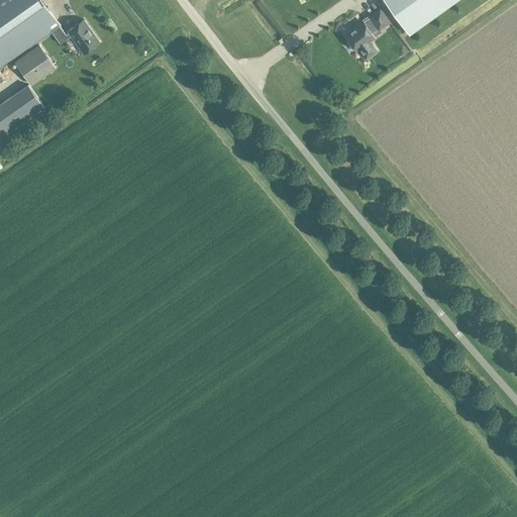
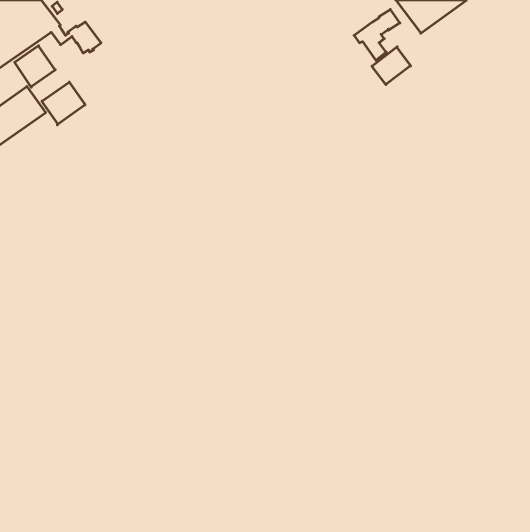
building: none -> [372,47,411,85]
building: none -> [42,82,85,125]

